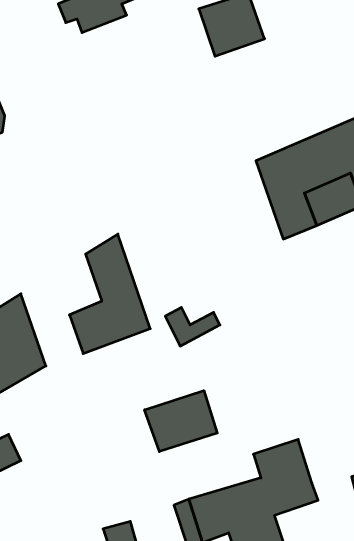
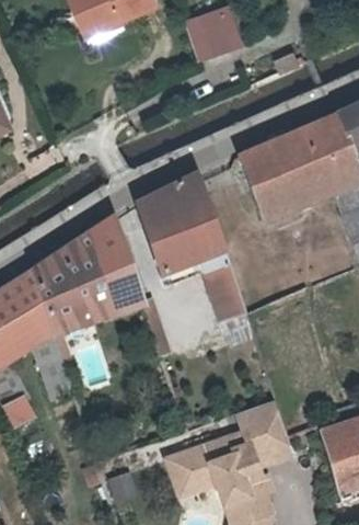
building: none -> [138,170,246,323]
building: none -> [31,236,102,334]
building: [145,391,217,452] -> none

